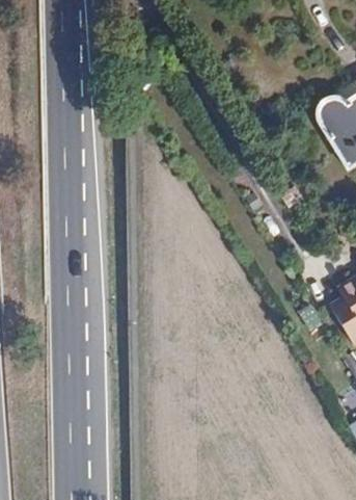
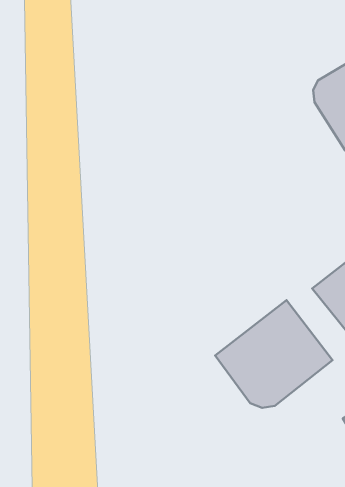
building: none -> [215,300,332,408]

